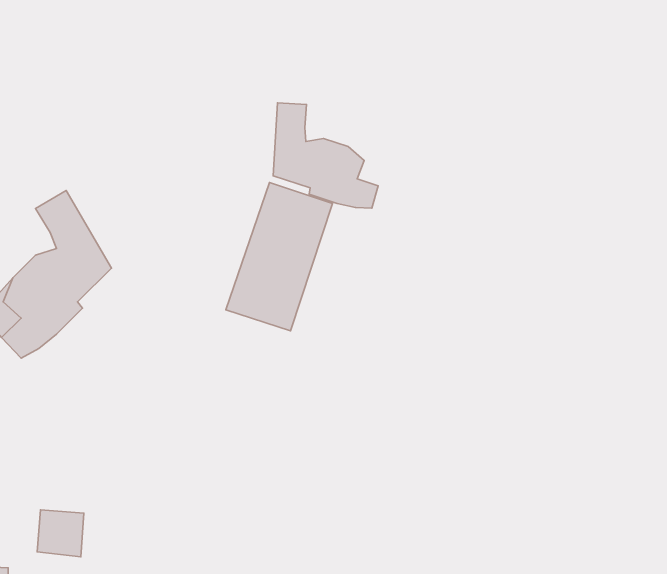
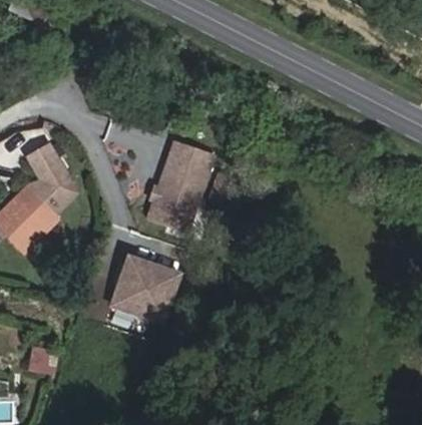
building: [273,103,378,208] -> none
building: none -> [111,255,179,321]

